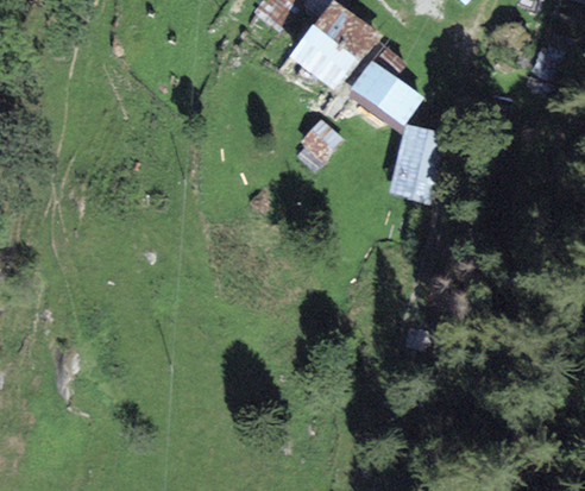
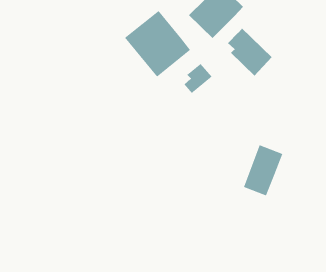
building: none -> [124,10,191,77]
building: [392,127,442,199] -> [243,145,283,196]

